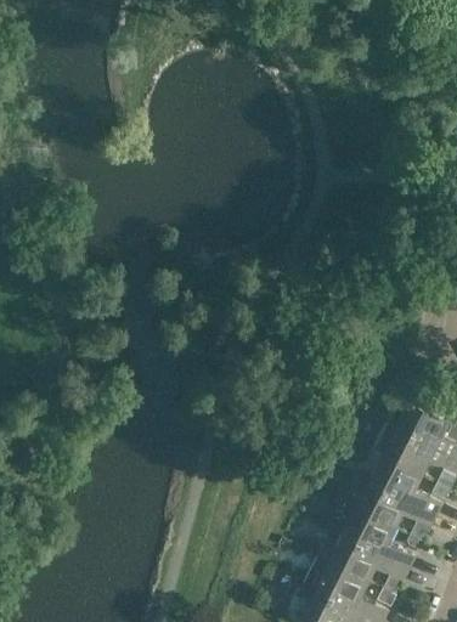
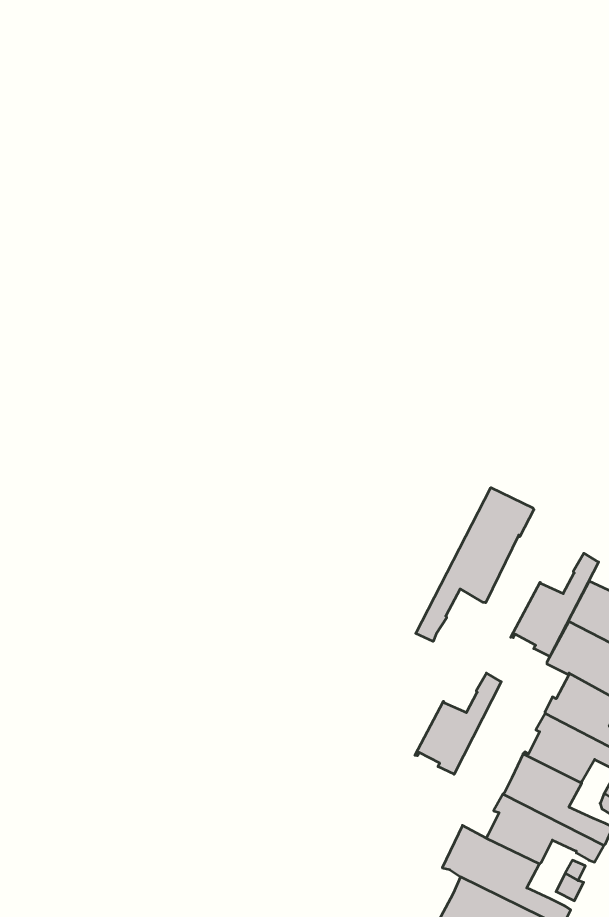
building: none -> [416,488,534,641]
building: none -> [511,553,599,656]
building: none -> [415,673,501,774]

